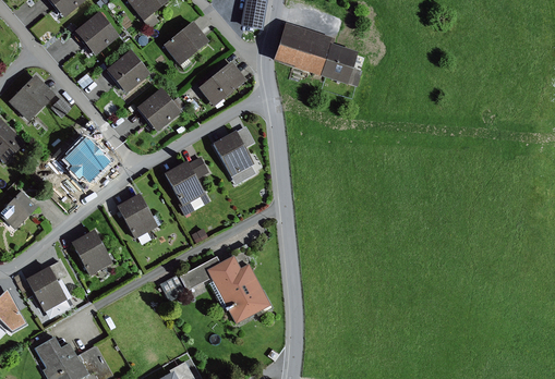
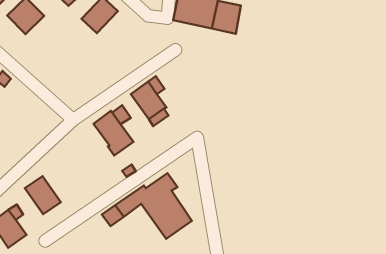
building: [106,50,150,95] -> none
building: [198,61,246,107] -> none
building: [137,88,180,131] -> none
building: [70,142,108,180] -> none
building: [117,194,157,240] -> none

